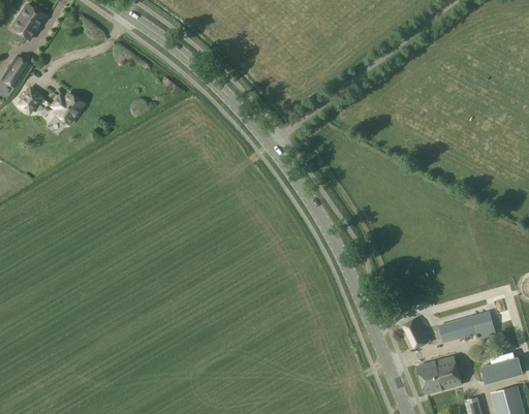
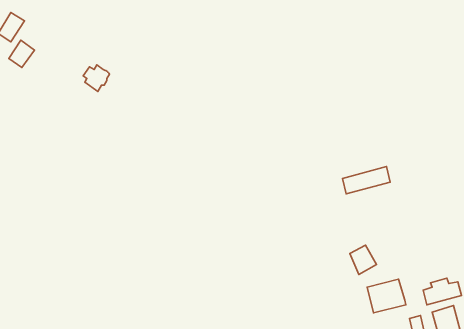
building: [53,93,83,123] -> [83,65,110,91]
building: [439,311,493,342] -> [343,167,390,194]

